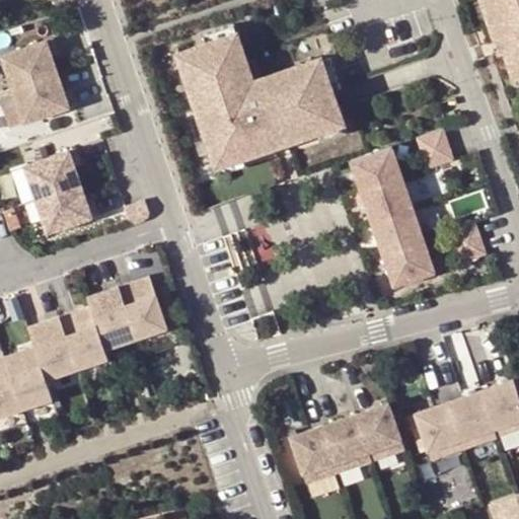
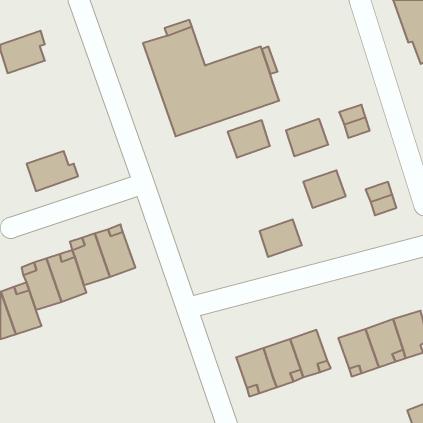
building: [11,76,75,125] -> none
building: [23,150,80,202] -> none
building: [361,178,413,224] -> [228,120,270,158]
building: [383,241,435,287] -> [260,219,302,257]

